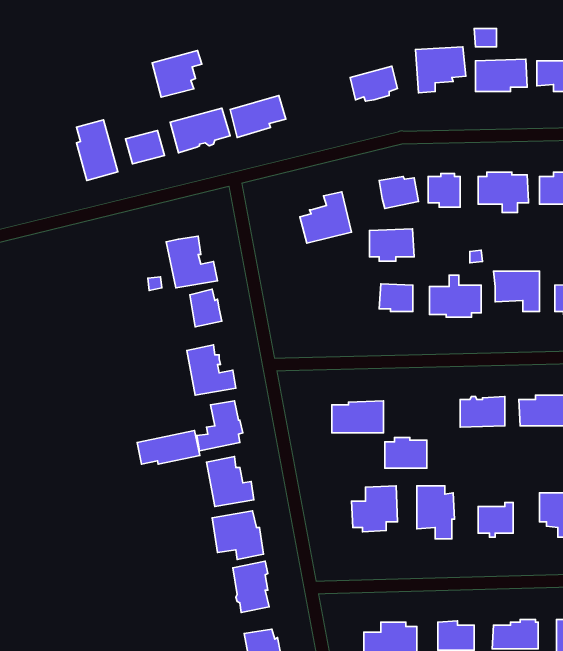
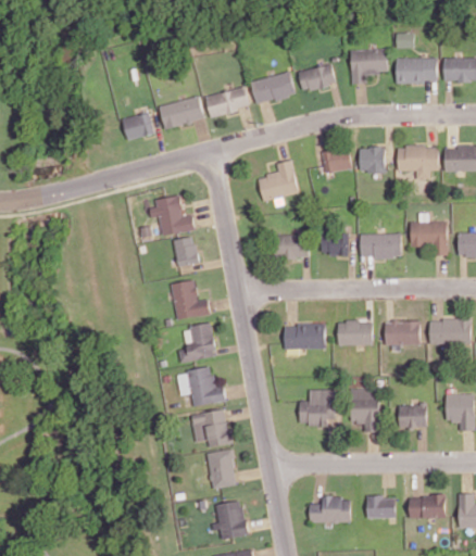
building: [152,50,202,97] -> none
building: none -> [251,72,293,103]
building: [76,120,118,180] -> none
building: [369,229,414,261] -> [274,235,309,260]
building: [137,431,200,464] -> none
building: [385,438,427,468] -> [338,320,371,344]

